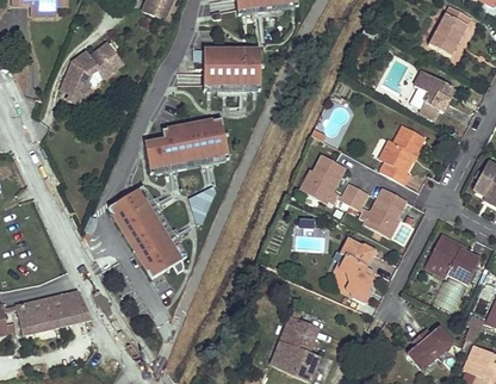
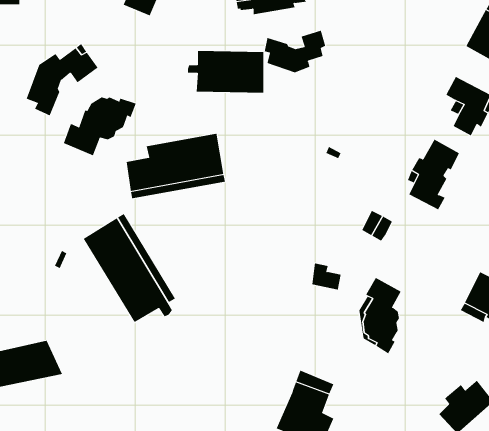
building: none -> [264,30,326,73]
building: none -> [63,96,136,156]
building: [304,155,346,203] -> none
building: [359,187,407,237] -> none

